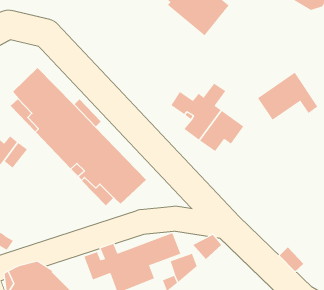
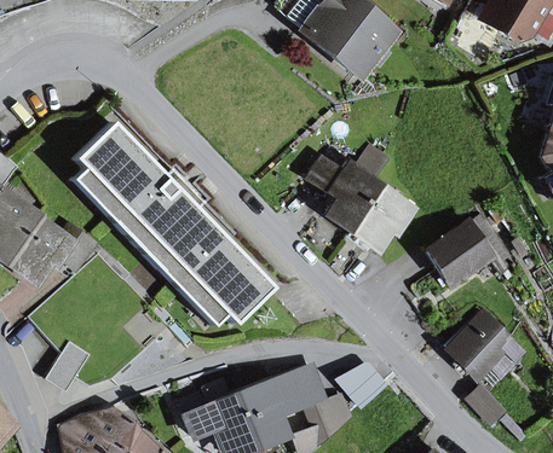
building: [257,72,318,120] -> [427,213,517,284]
building: none -> [445,309,525,376]

